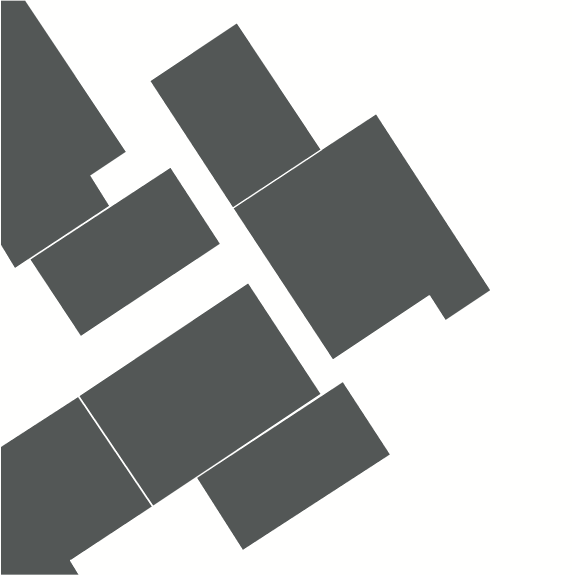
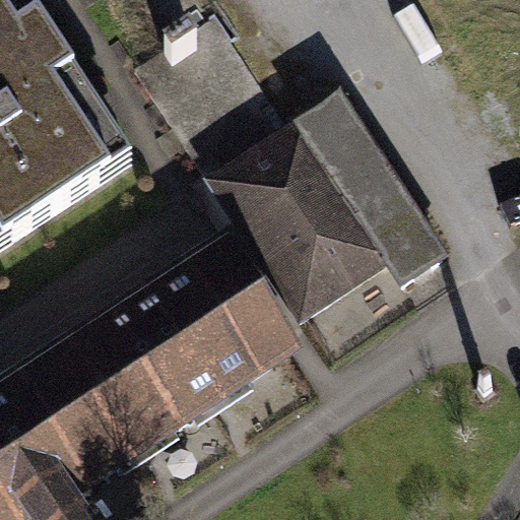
building: [30,167,221,337] -> none
building: [196,381,391,551] -> none

